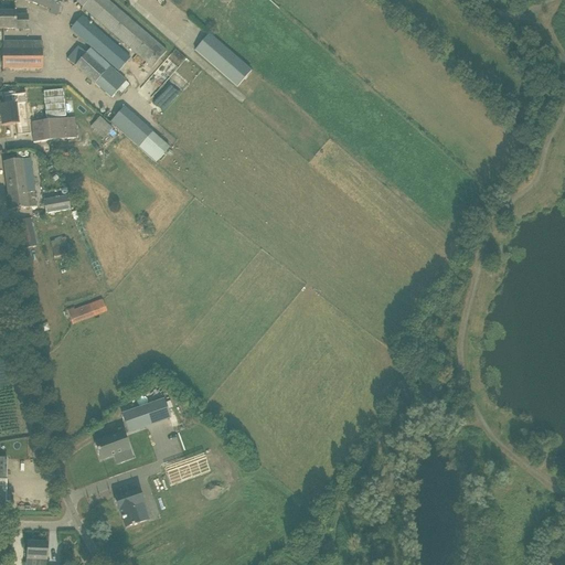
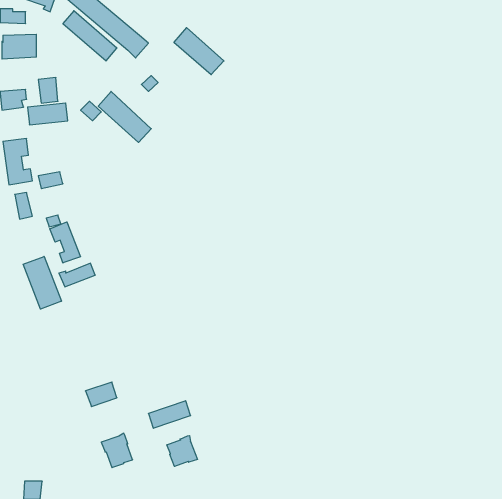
building: [67,43,126,95] -> none
building: none -> [50,222,80,263]
building: none -> [23,256,61,309]
building: [121,396,170,429] -> none
building: none -> [167,436,197,466]

